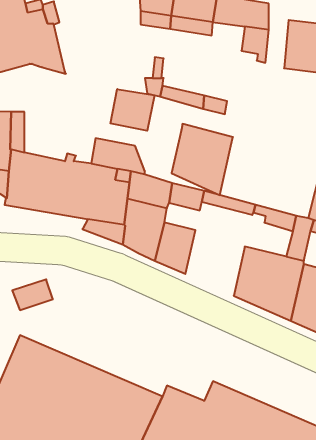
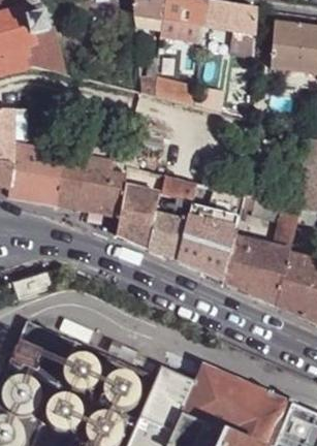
building: [110,89,154,131] -> none
building: [172,124,233,195] -> [178,217,235,284]

